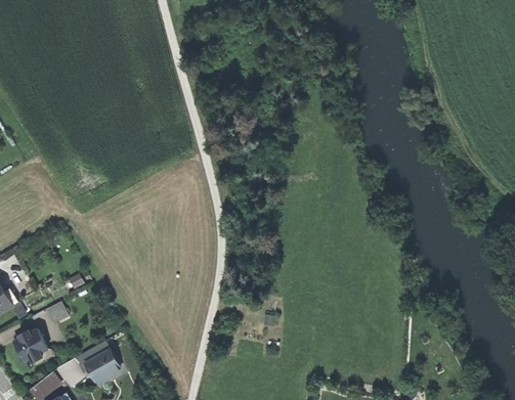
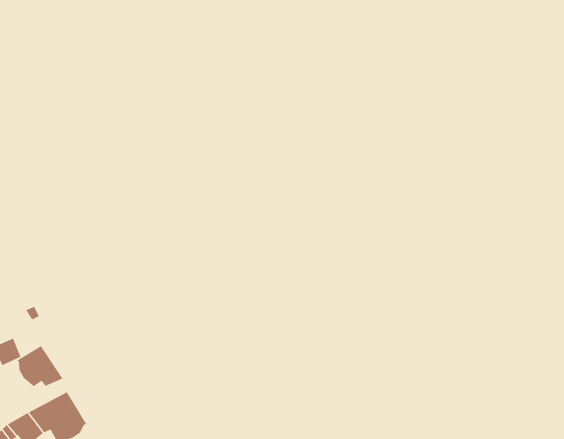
building: none -> [17,345,63,387]

